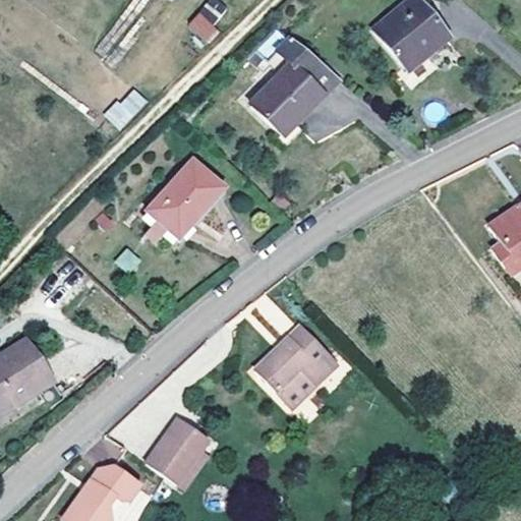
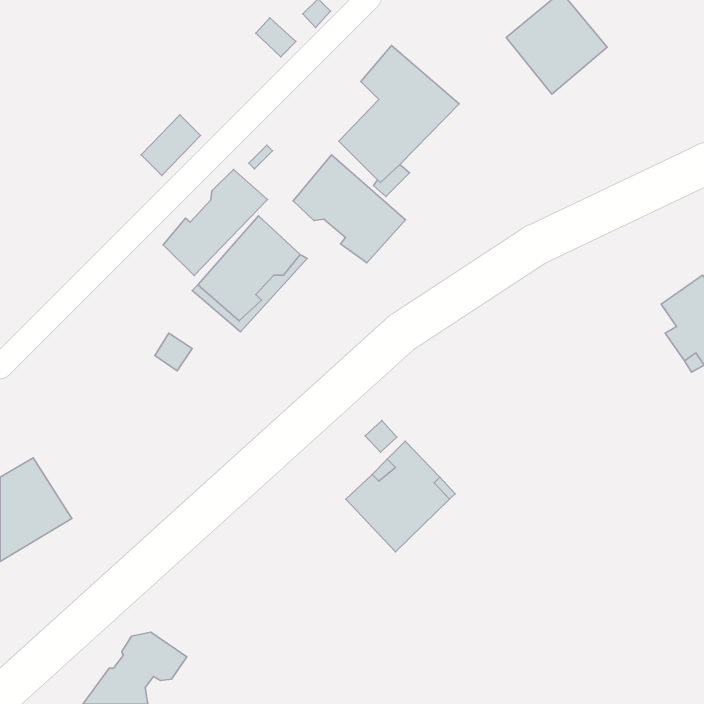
building: none -> [293,155,405,263]
building: none -> [163,170,267,275]
building: [148,416,209,482] -> none

